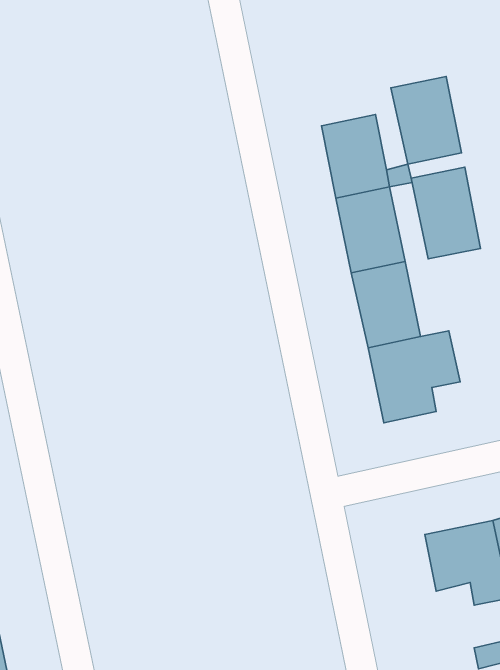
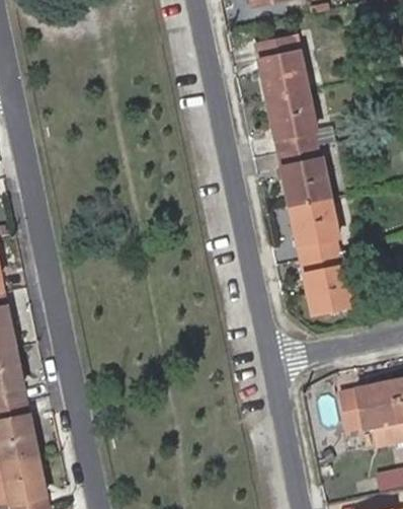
building: [391,76,462,164] -> [257,37,308,99]
building: [411,167,480,259] -> none

